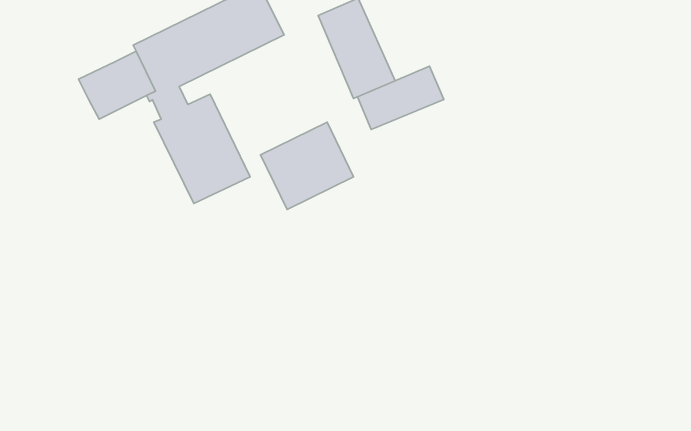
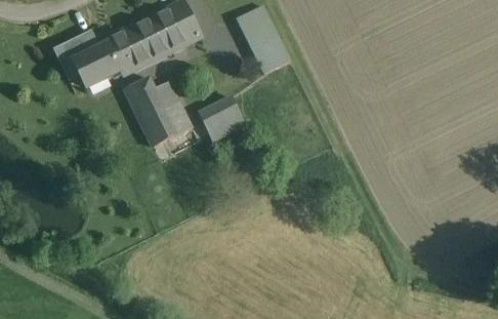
building: none -> [52,31,96,80]
building: [358,66,444,129] -> none

